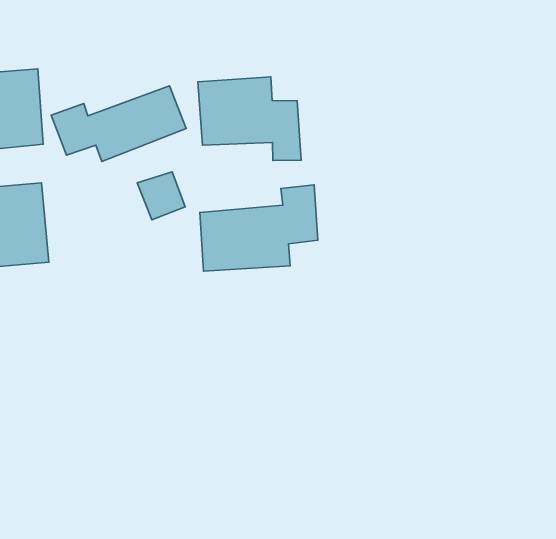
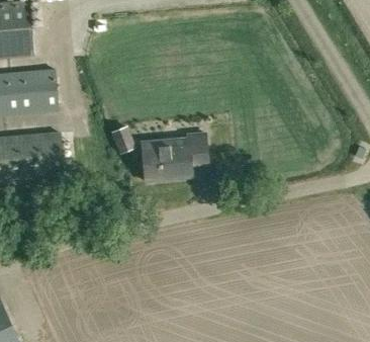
building: [198,77,301,161] -> none
building: [51,86,186,161] -> none

